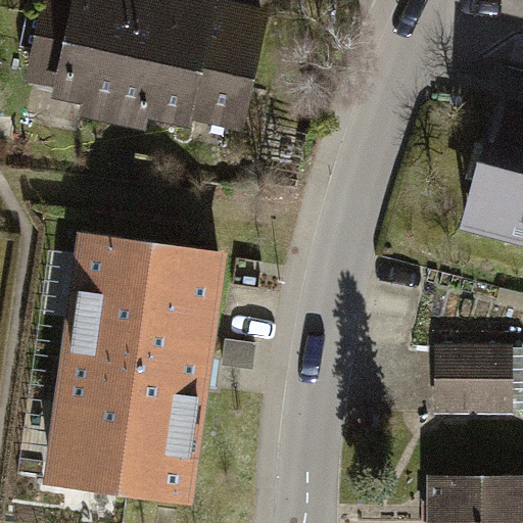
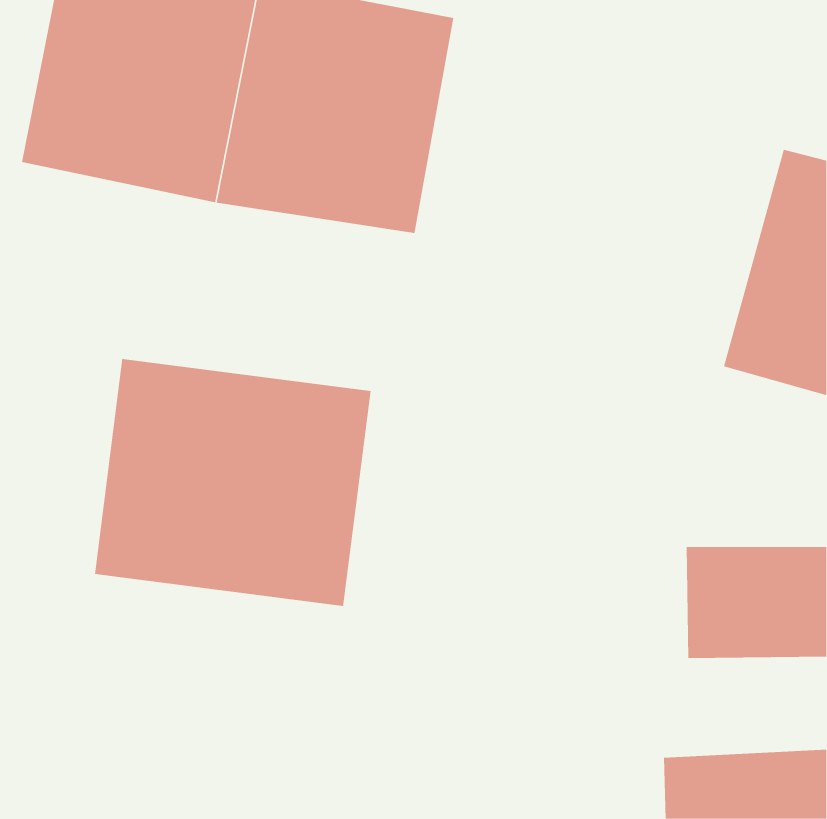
building: [42,362,217,512] -> none

